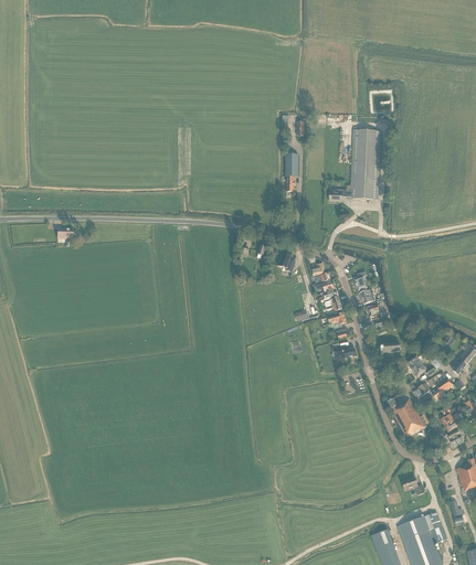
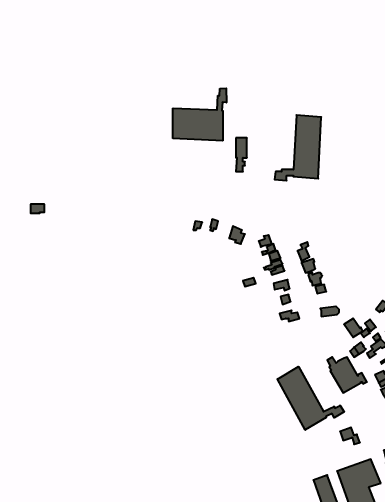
building: none -> [173,88,226,141]
building: none -> [277,367,344,430]

